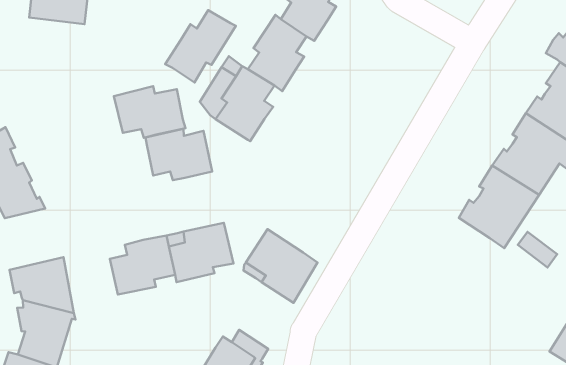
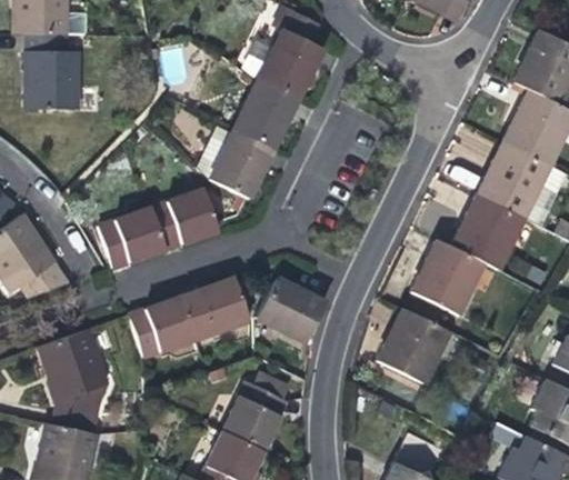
building: [165,10,236,82] -> none
building: [114,86,185,138] -> [97,212,167,261]
building: none -> [411,240,483,314]
building: none -> [377,308,449,382]

